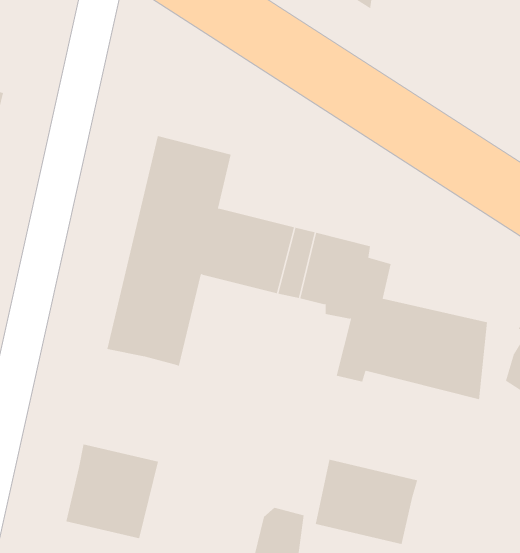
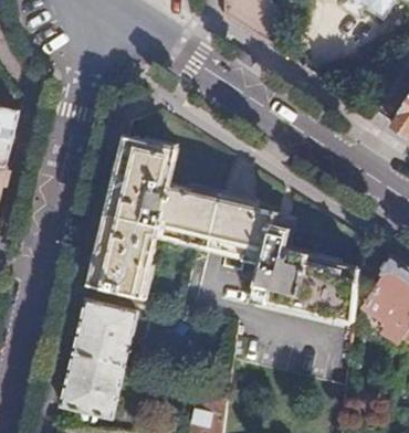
building: none -> [73,294,139,367]
building: [315,459,418,545] -> none

